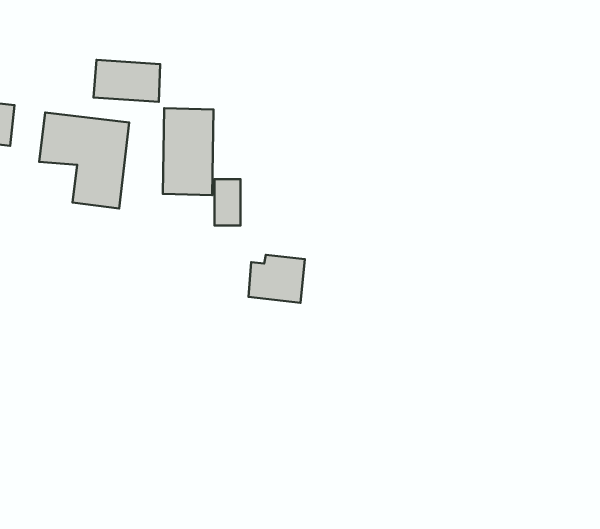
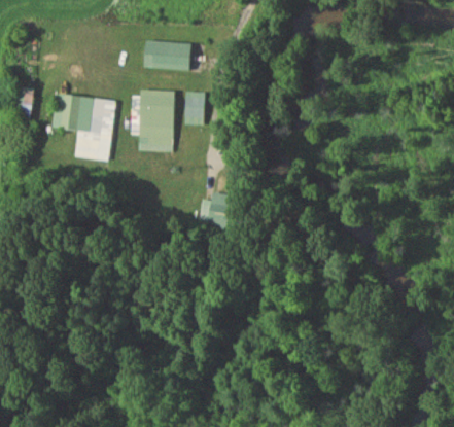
building: [93,60,160,102] -> [144,40,191,70]
building: [214,179,241,226] -> [185,92,204,124]

